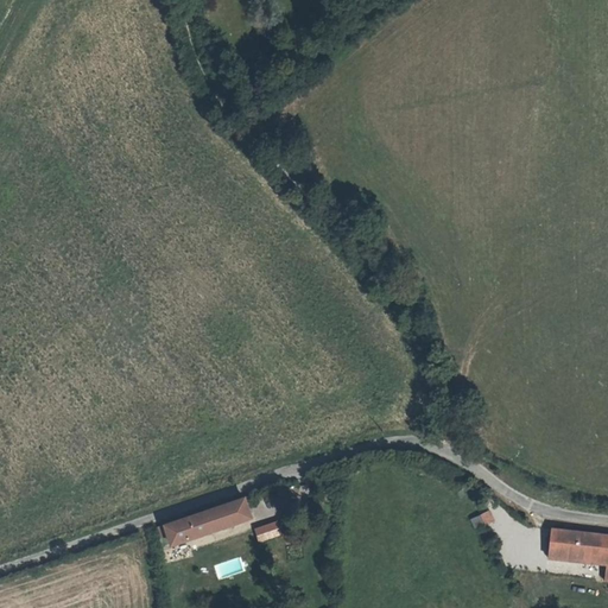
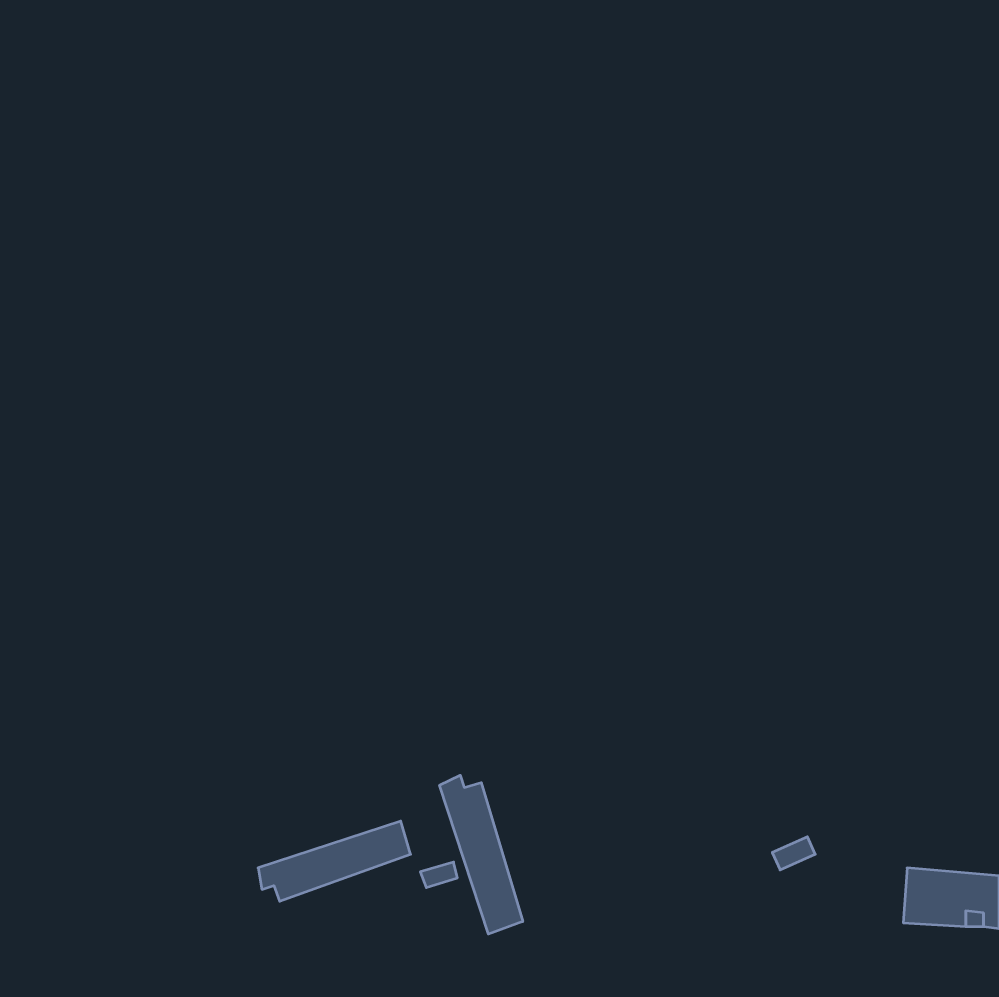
building: none -> [440,775,523,934]

